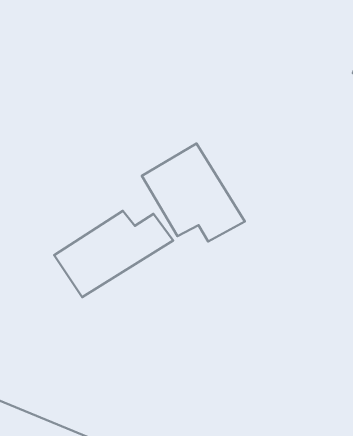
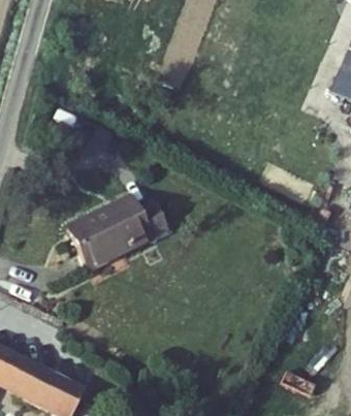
building: [142,144,245,242] -> none

